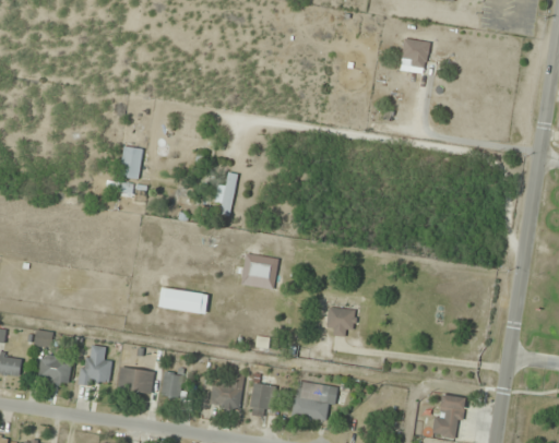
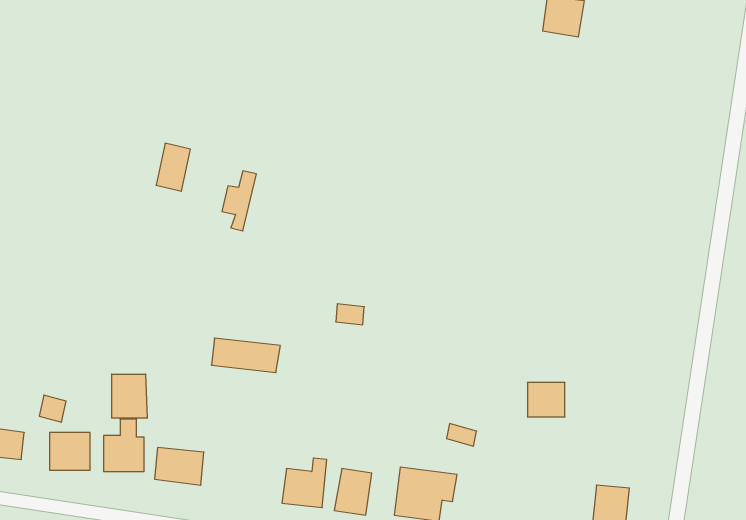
building: [213,172,238,216] -> [222,171,256,231]
building: [328,308,355,333] -> [527,383,565,417]
building: none -> [112,374,147,418]
building: [160,372,182,399] -> none

